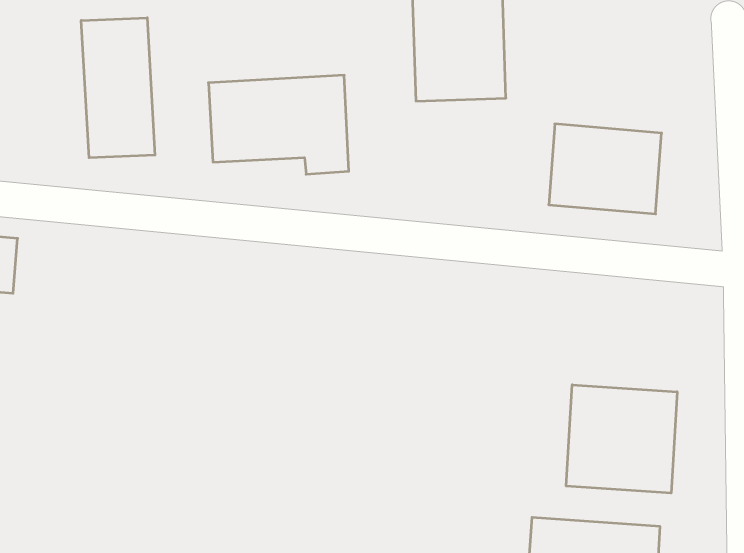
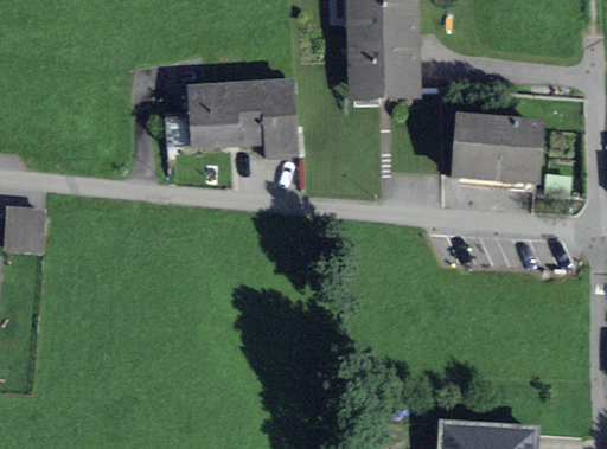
building: [81,18,155,158] -> none
building: [566,385,677,493] -> none

